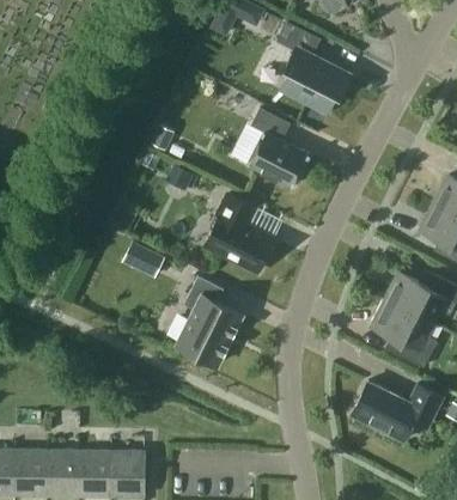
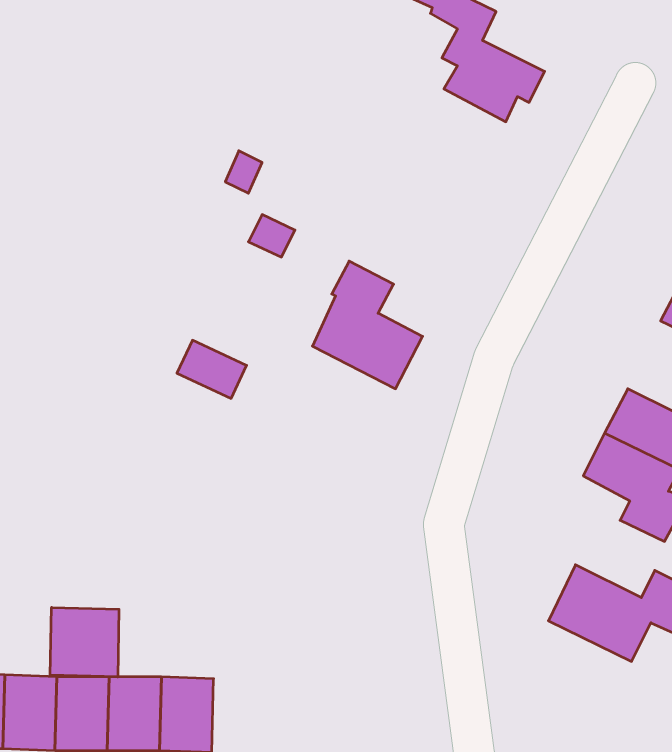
building: [246,109,309,187] -> none
building: [176,276,242,365] -> none
building: none -> [50,607,119,677]

